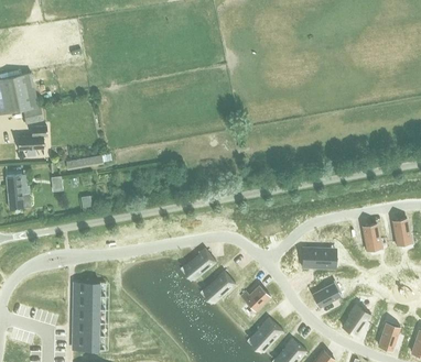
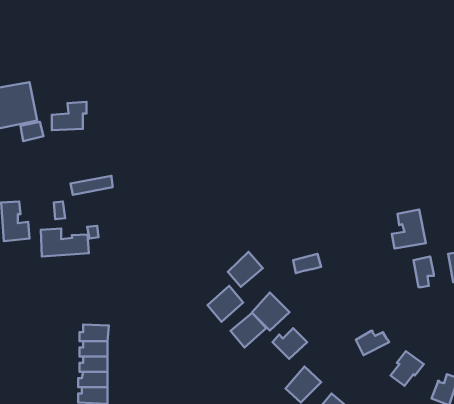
building: [18,125,47,150] -> [52,102,87,130]
building: none -> [392,210,426,248]
building: none -> [41,229,89,257]
building: none -> [228,252,263,287]
building: [301,248,330,267] -> none
building: none -> [252,292,289,331]

